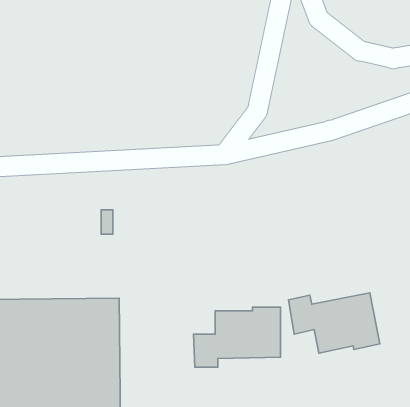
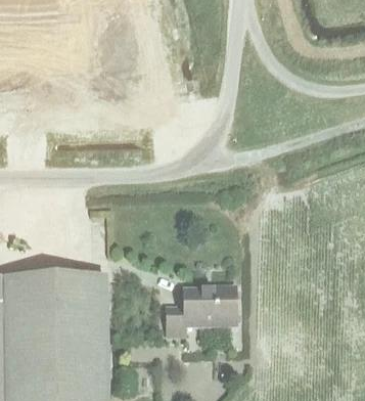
building: [289,293,380,353] -> none

